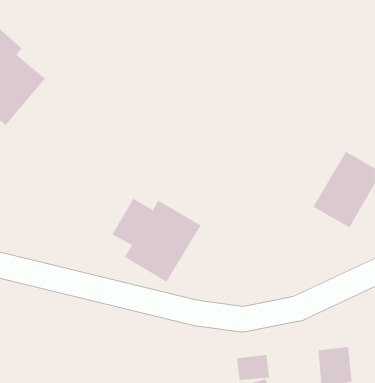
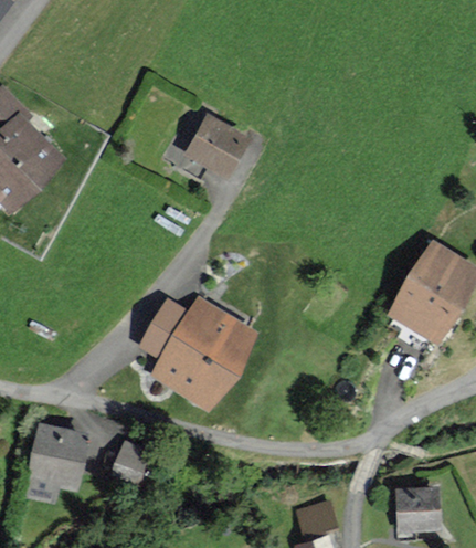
building: none -> [188,117,246,172]
building: none -> [24,425,85,502]
building: none -> [115,435,154,476]

